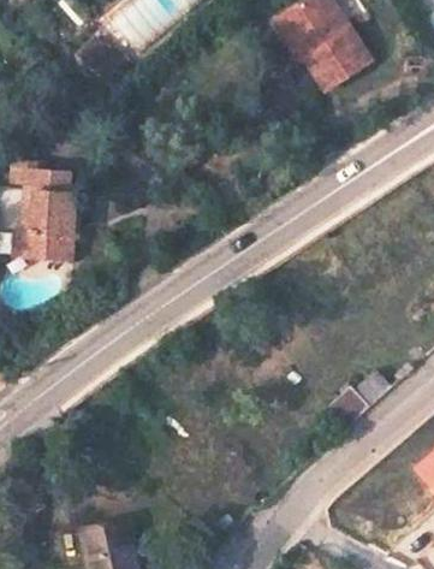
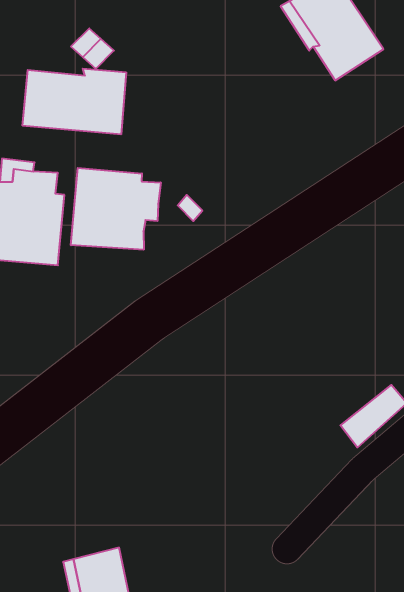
building: none -> [23,69,126,134]
building: none -> [71,168,161,250]

